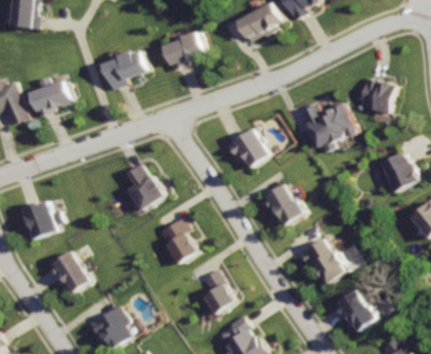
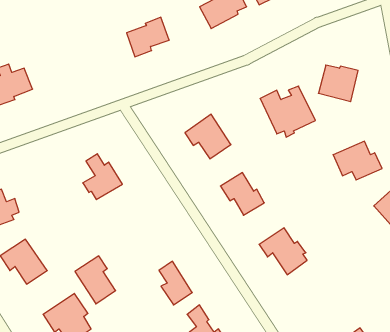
building: [103,49,149,90] -> none
building: [154,216,193,263] -> [75,256,116,304]
building: [333,290,376,331] -> none

